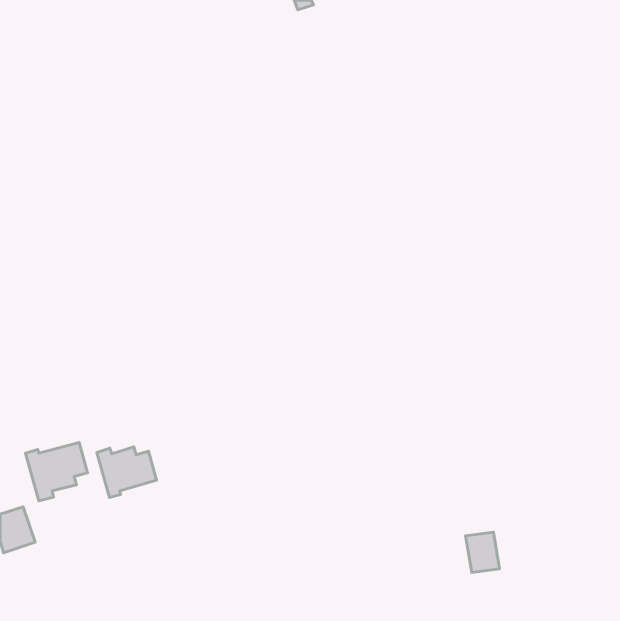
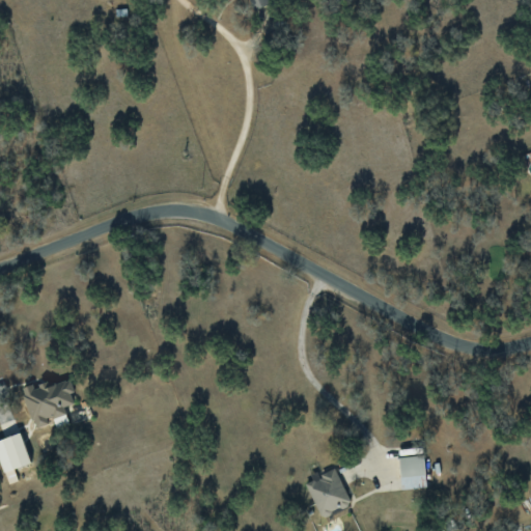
building: [97,447,157,497] -> none
building: none -> [305,467,352,516]

